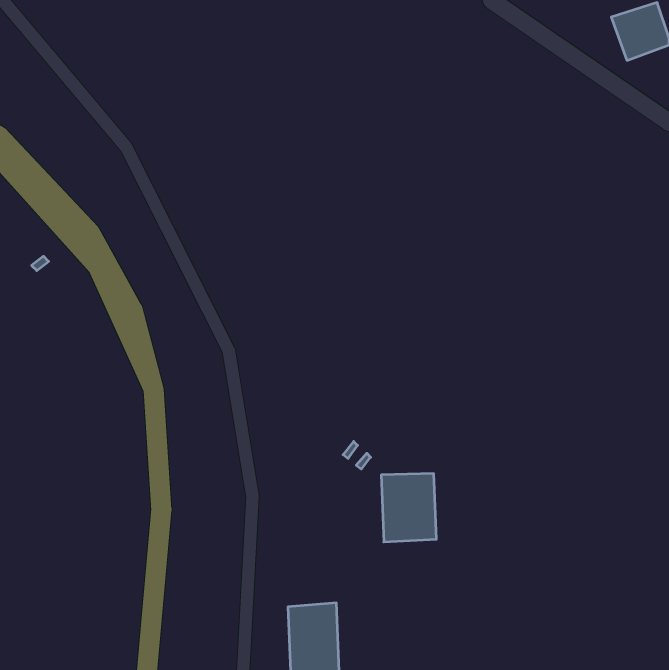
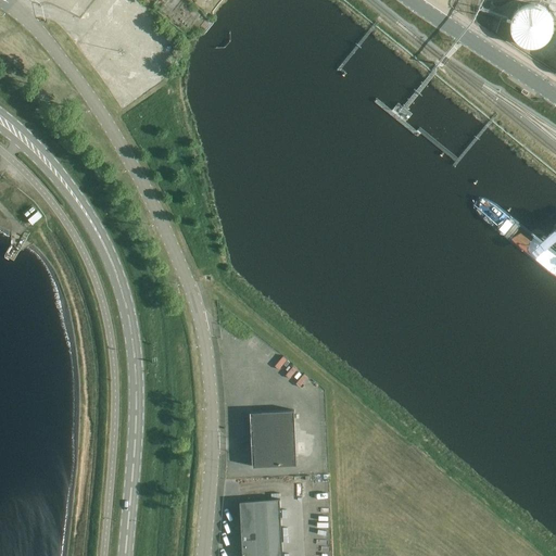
building: [381,474,436,542] -> [249,412,294,468]

